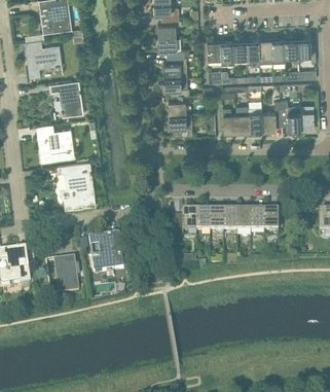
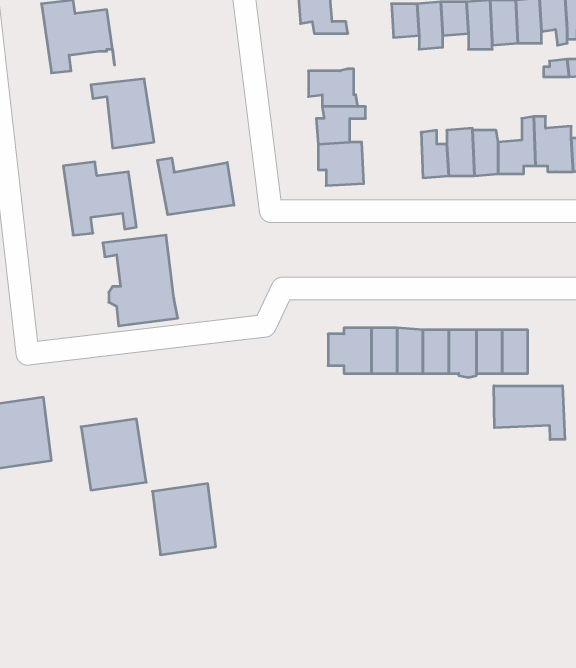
building: [162,59,184,78] -> none
building: none -> [157,158,234,215]
building: [89,236,122,273] -> [152,484,216,555]
building: none -> [494,386,565,440]

